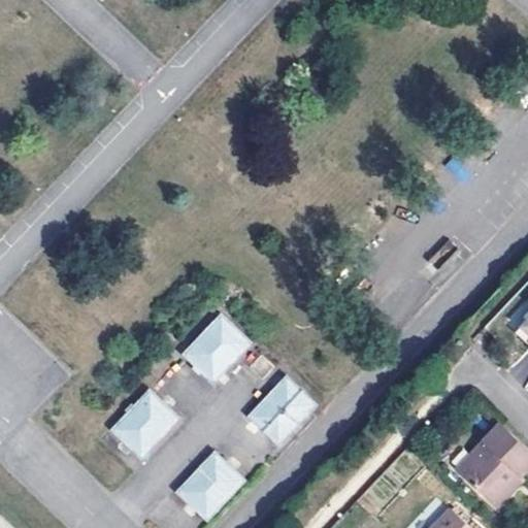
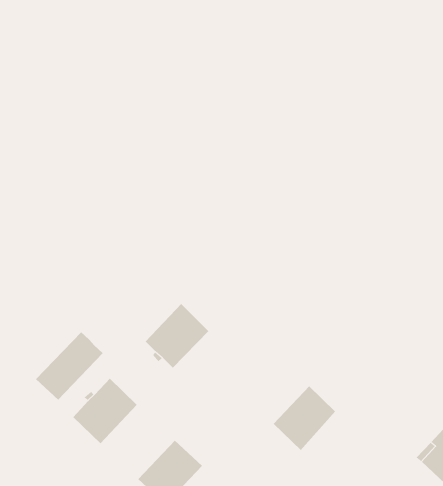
building: none -> [35,332,103,401]
building: [250,377,312,442] -> [273,386,336,451]

